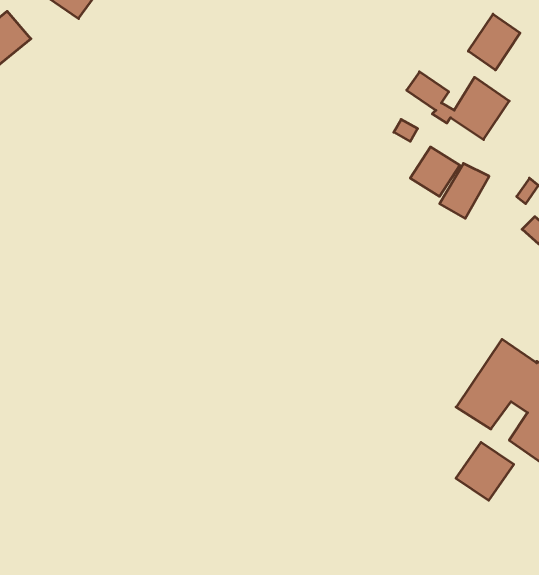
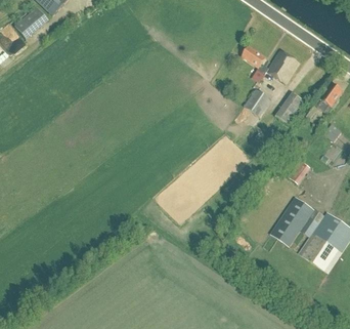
building: [468,14,520,70] -> none
building: [456,442,514,500] -> none

